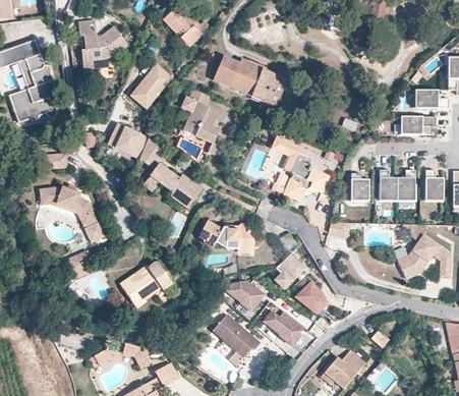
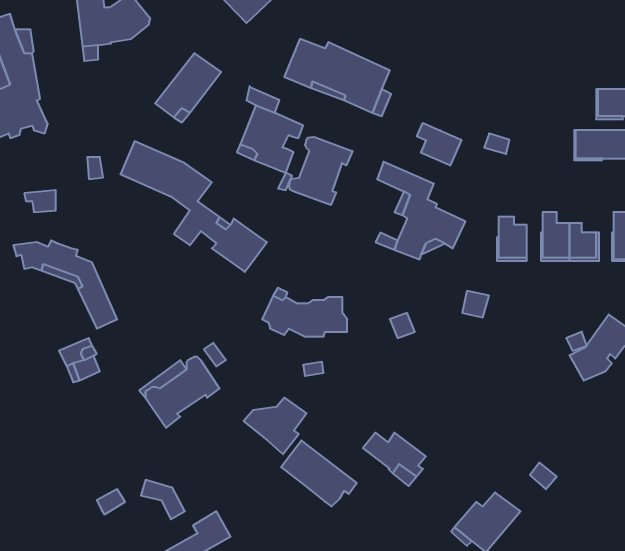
building: none -> [417,123,461,166]
building: none -> [289,137,353,205]
building: [275,251,304,288] -> none
building: [226,274,267,310] -> [244,398,307,454]
building: [296,281,329,319] -> none

